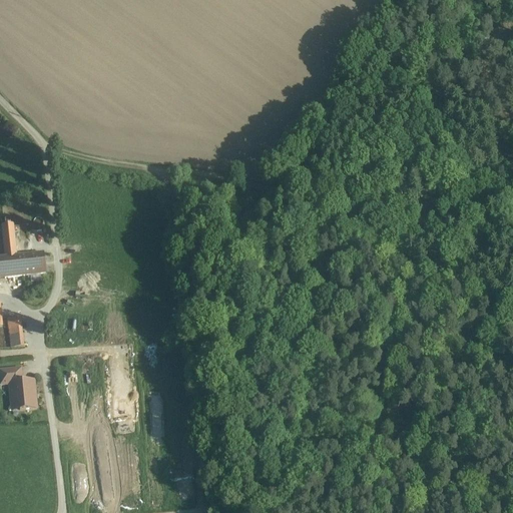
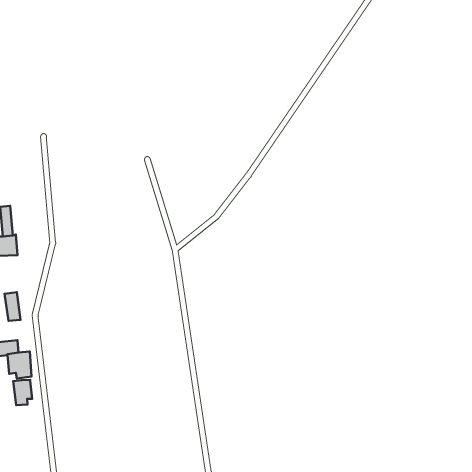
building: [17,251,44,276] -> none
building: none -> [13,380,32,405]

